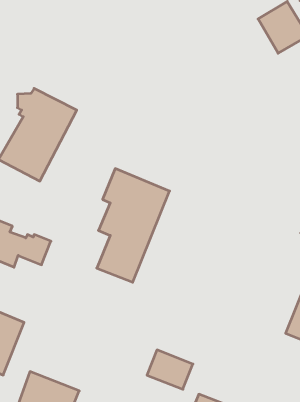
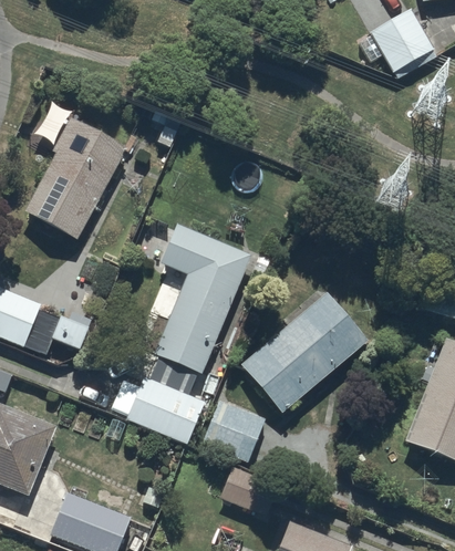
building: none -> [241,294,366,413]
building: none -> [125,374,204,443]
building: none -> [201,398,263,460]

